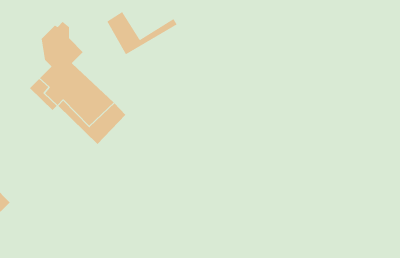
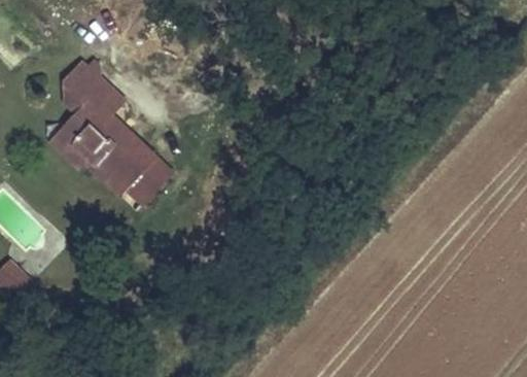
building: [107,11,178,55] -> none

